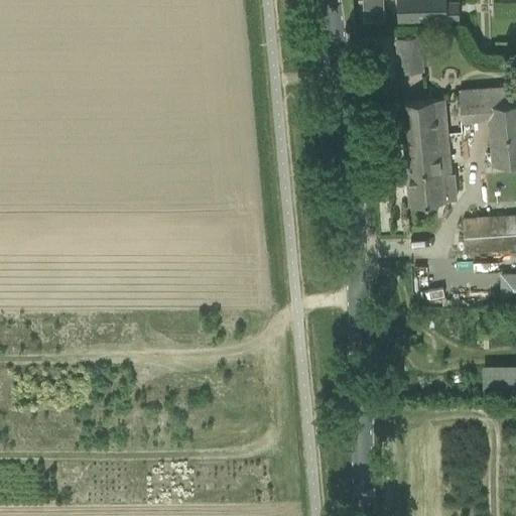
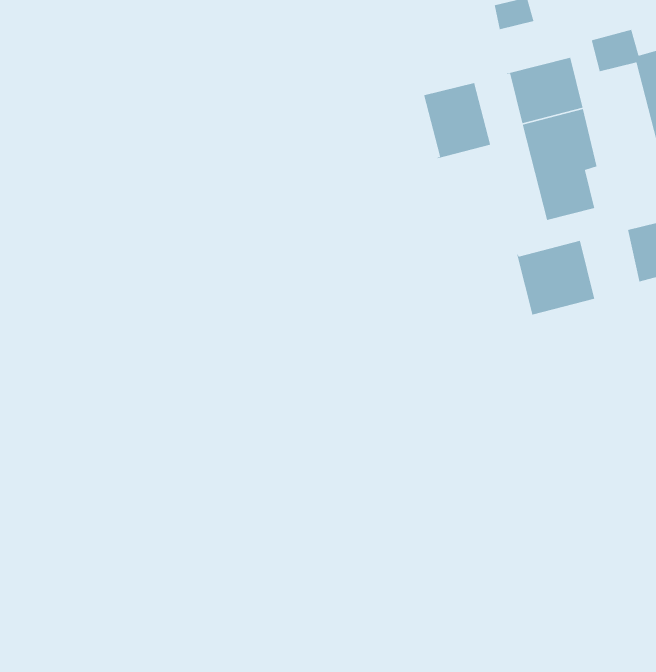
building: none -> [423,82,491,159]
building: none -> [516,240,595,315]

